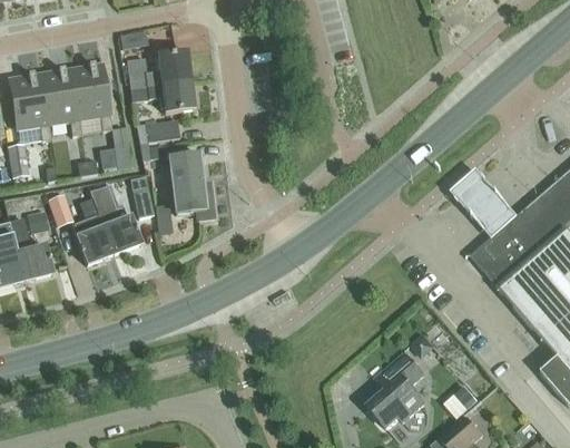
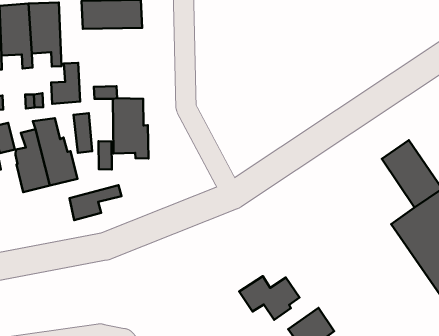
building: [129,80,194,111] -> none
building: [144,118,178,142] -> none
building: none -> [69,185,121,220]
building: none -> [239,276,300,320]

